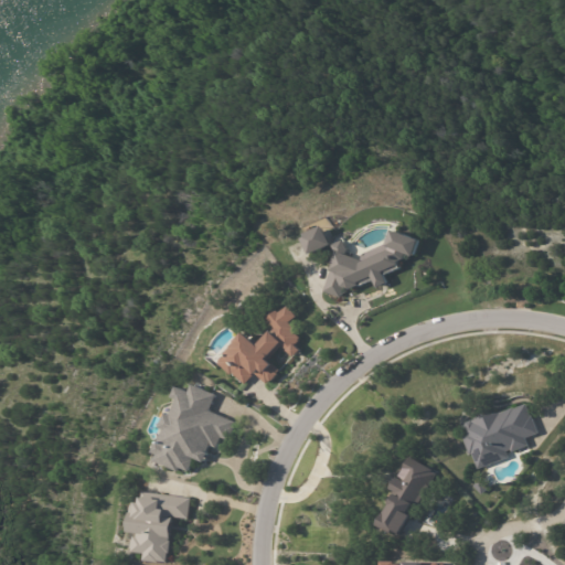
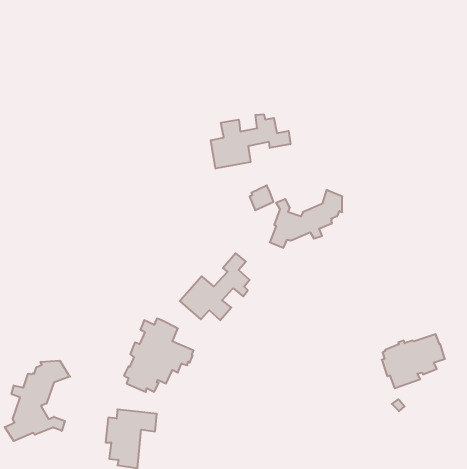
building: none -> [211,114,290,169]
building: none -> [5,361,70,441]
building: [377,457,433,536] -> none

